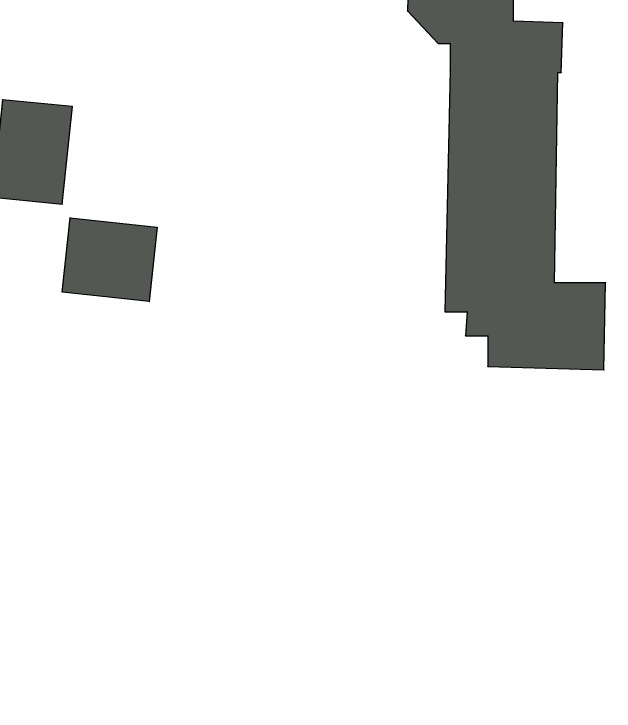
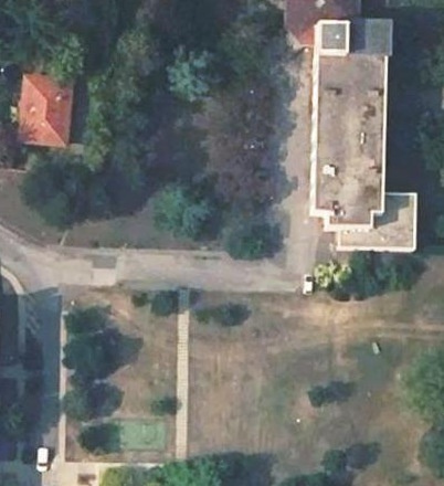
building: [62,218,157,302] -> none

